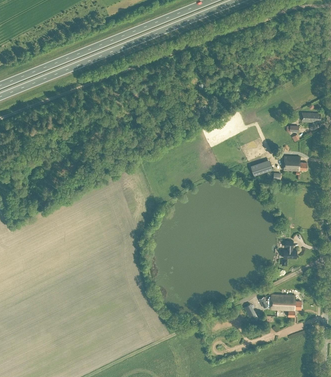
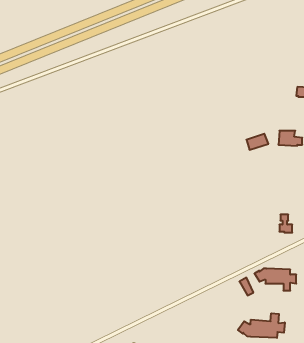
building: none -> [238,313,285,338]

